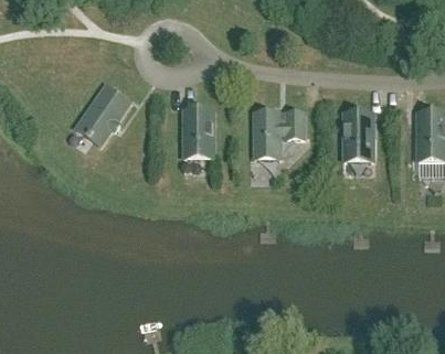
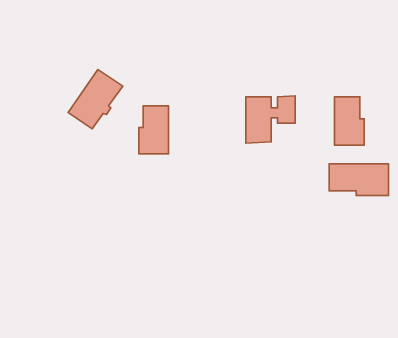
building: [183,108,213,157] -> [139,106,168,154]
building: none -> [329,164,389,195]

